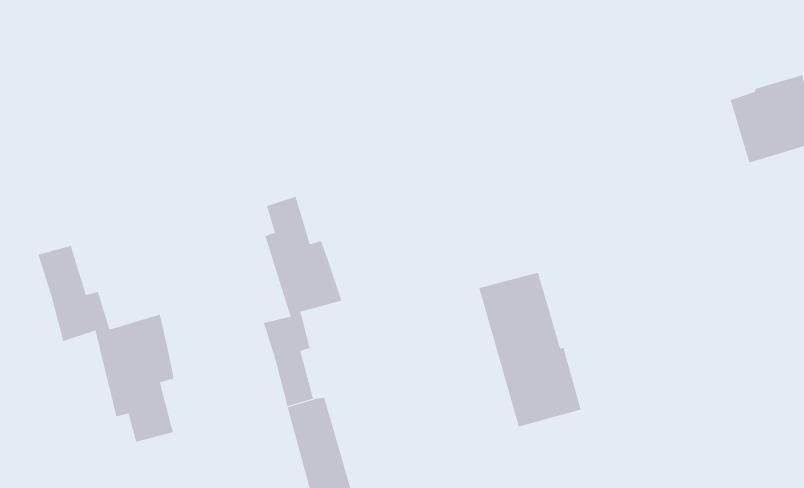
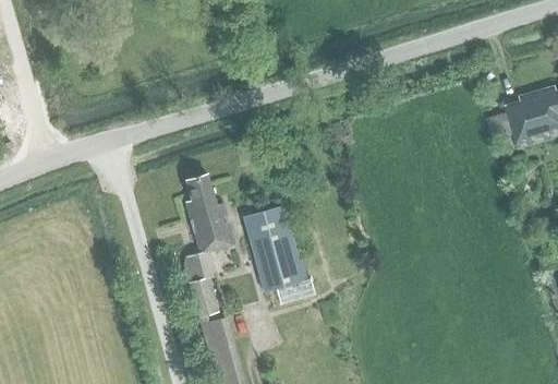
building: [38,245,174,442] -> none
building: [478,272,581,427] -> [243,205,314,312]

